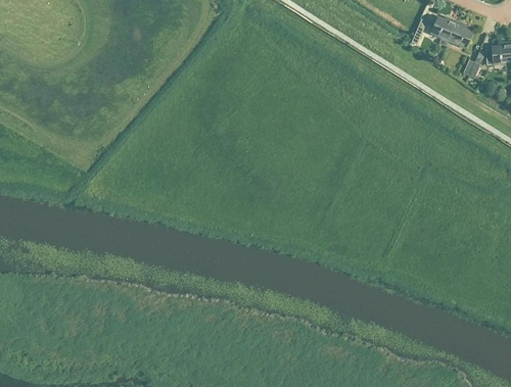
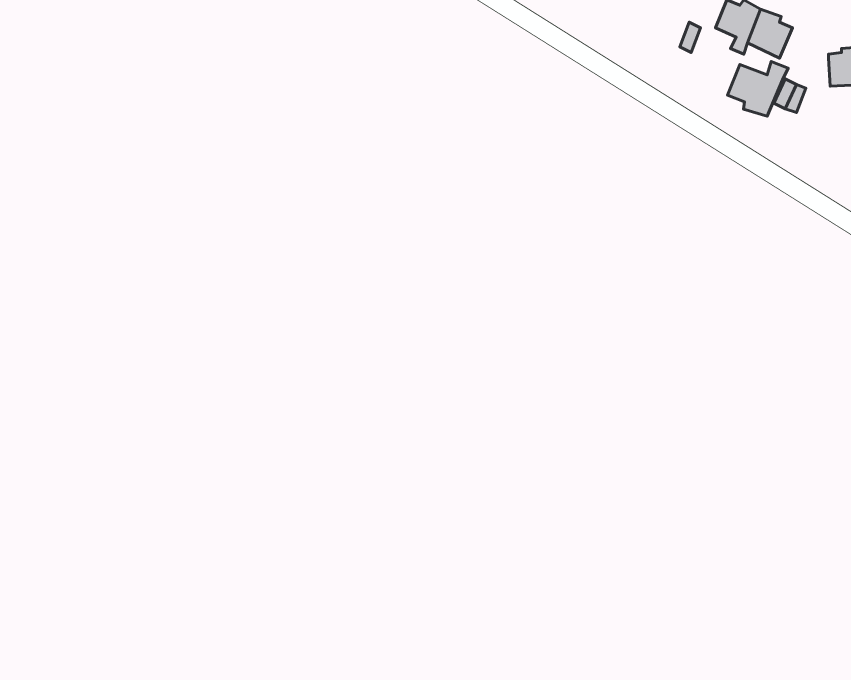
building: none -> [727,62,788,116]

